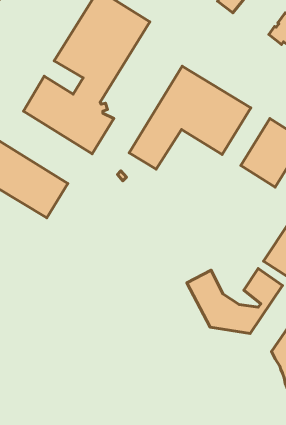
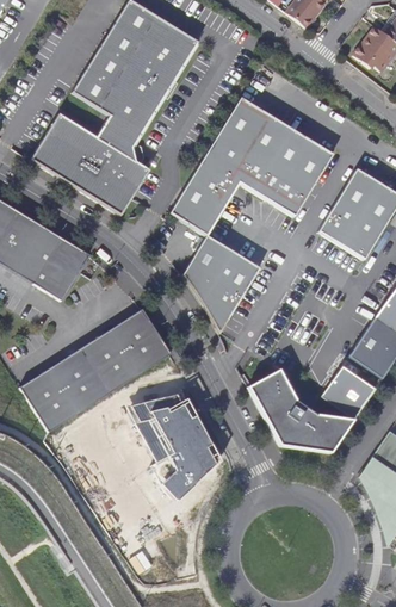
building: none -> [184,234,260,332]
building: none -> [20,306,172,431]
building: none -> [128,392,219,498]

